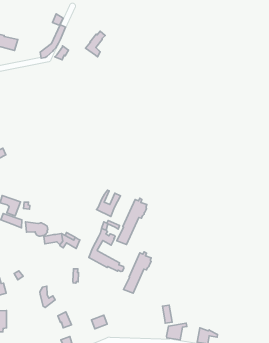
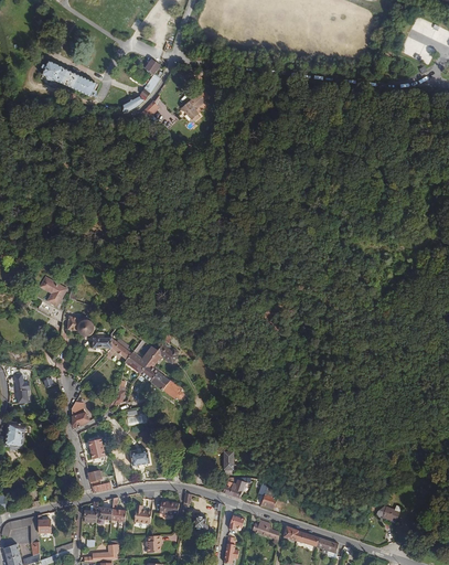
building: [97,190,120,217] -> [125,340,158,374]
building: [117,198,147,245] -> none
building: [124,252,151,293] -> none

